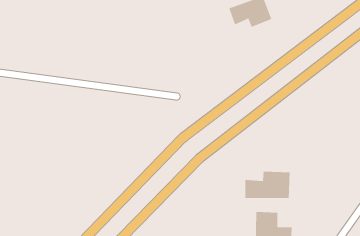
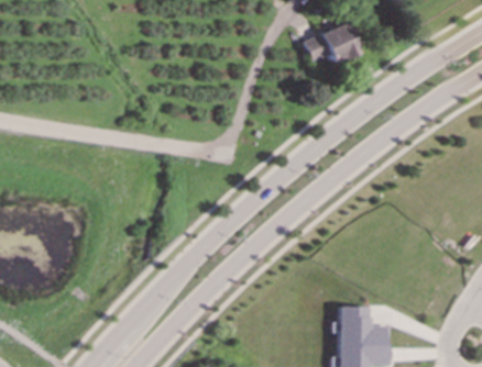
building: [245,171,290,199] -> none

